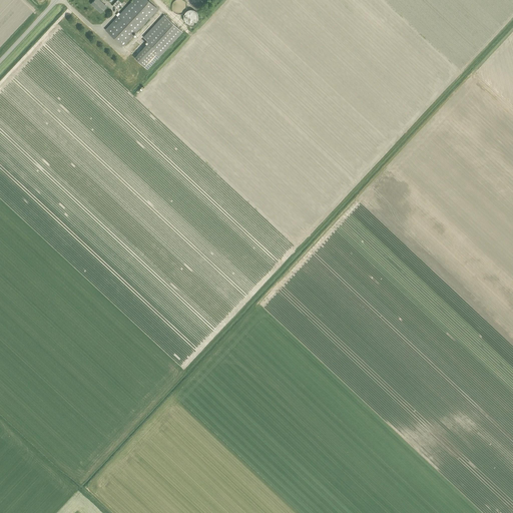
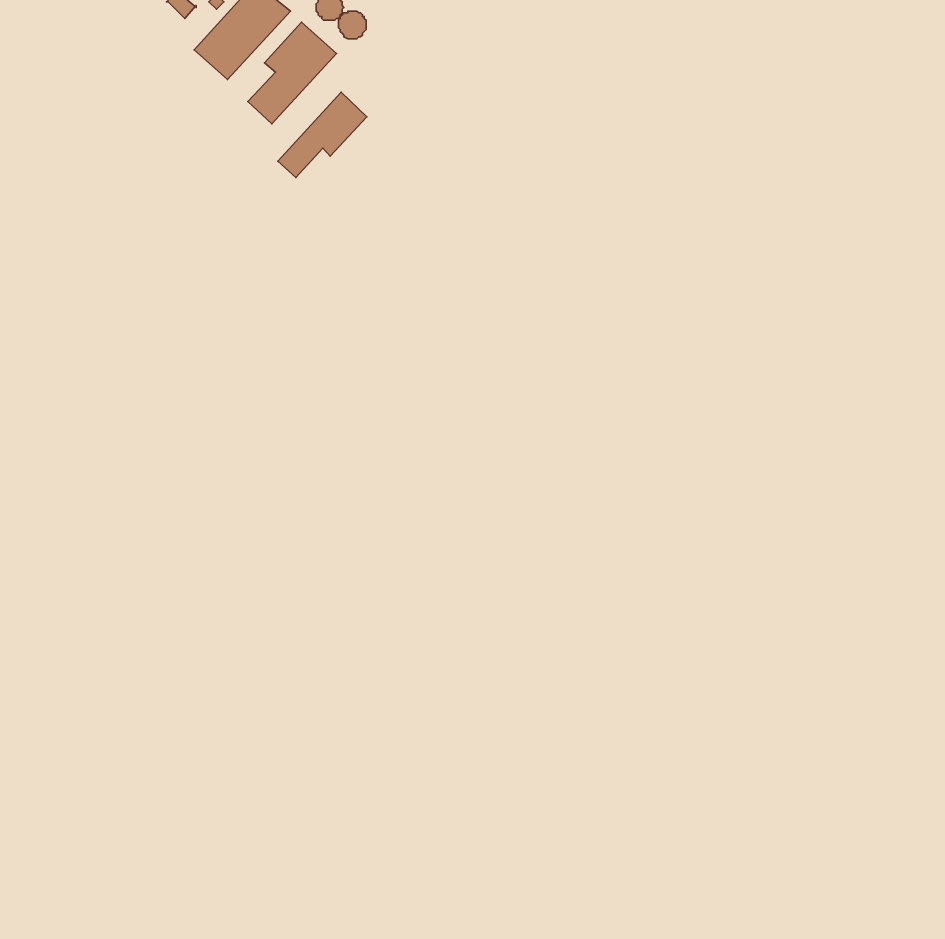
building: none -> [278,92,367,178]

